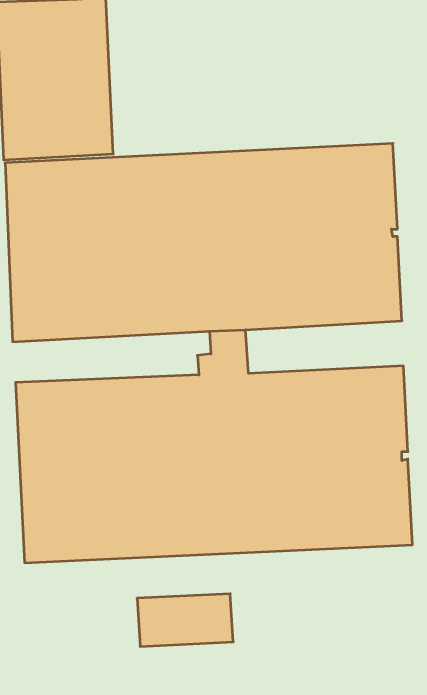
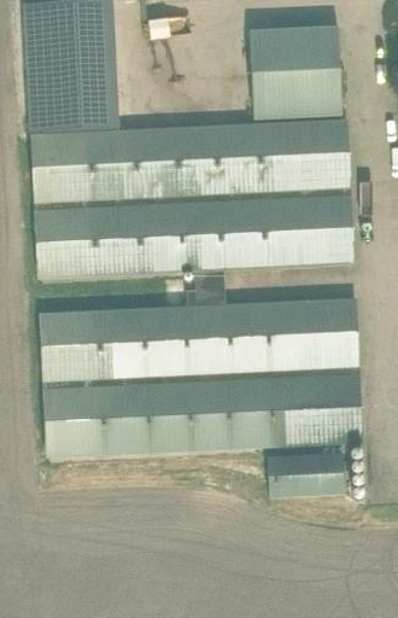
building: none -> [250,25,343,117]
building: [137,594,233,646] -> [268,453,345,495]

